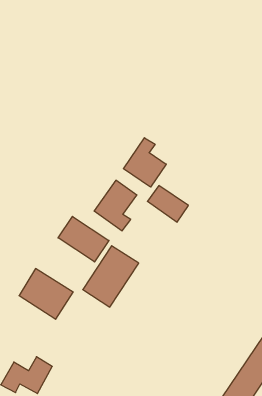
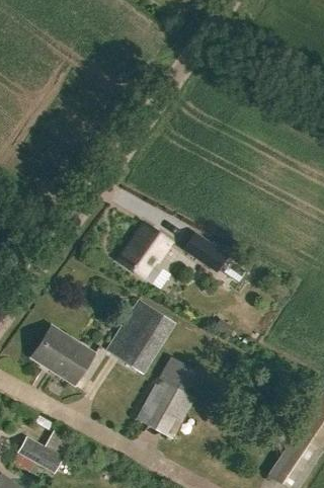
building: [123,138,166,187] -> none
building: [58,216,109,262] -> none
building: none -> [136,355,196,437]

